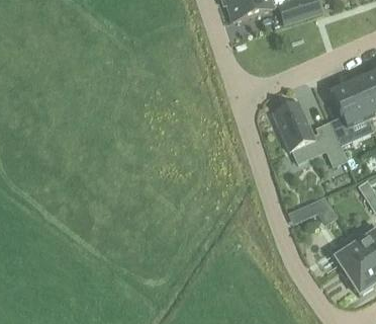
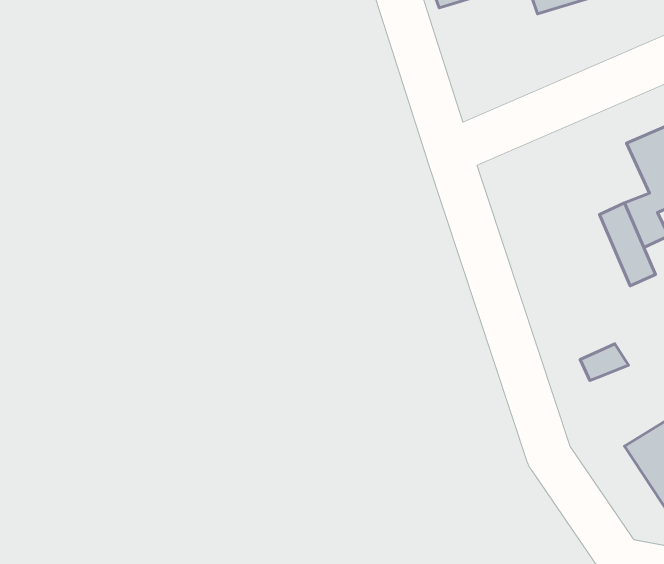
building: [272,100,314,151] -> none

